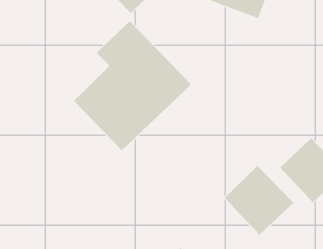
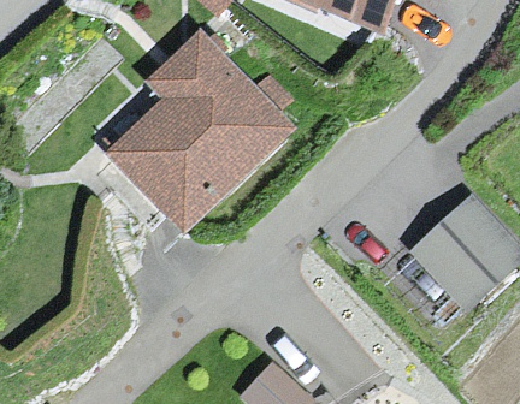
building: [224,165,294,235] -> none

